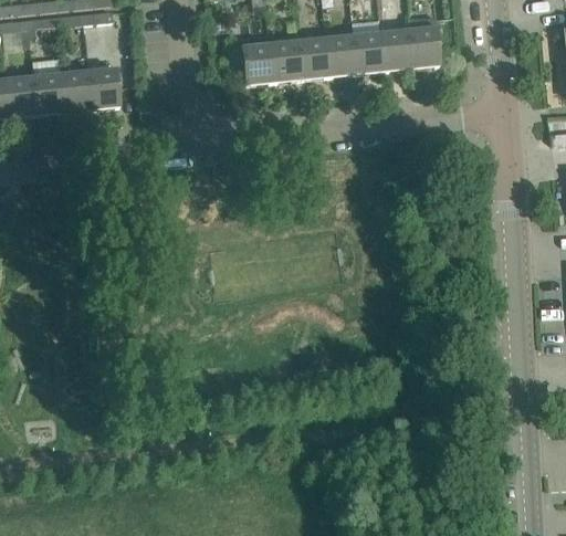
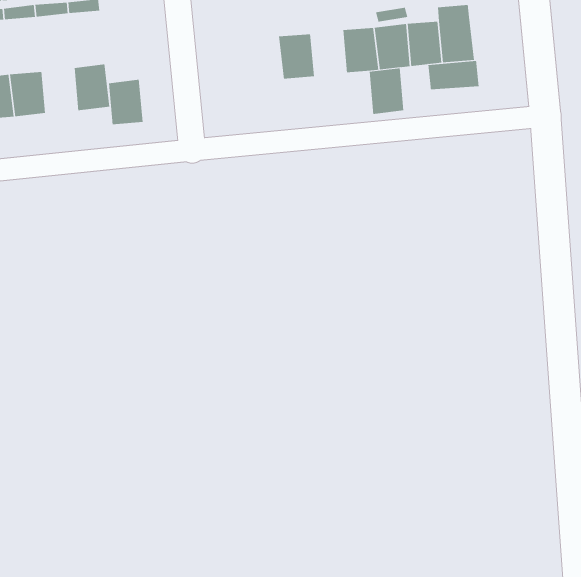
building: [297,38,328,78] -> [369,68,404,114]
building: [241,43,273,84] -> none
building: none -> [428,60,479,90]
building: [62,71,93,111] -> [108,79,143,125]

